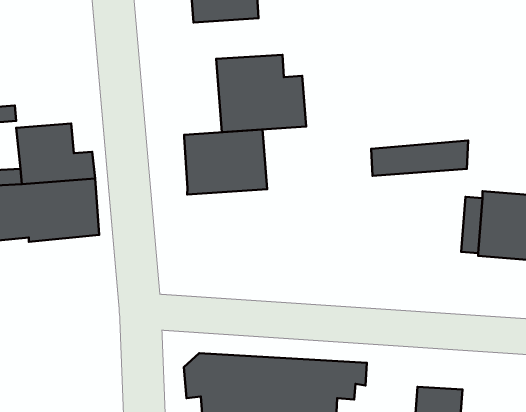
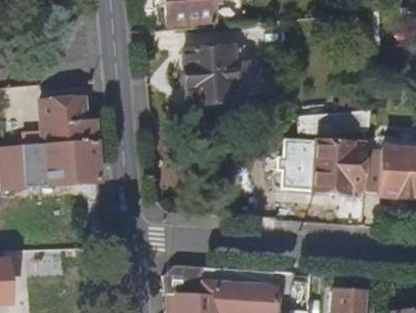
building: [184,129,267,195] -> none
building: none -> [284,141,364,195]

